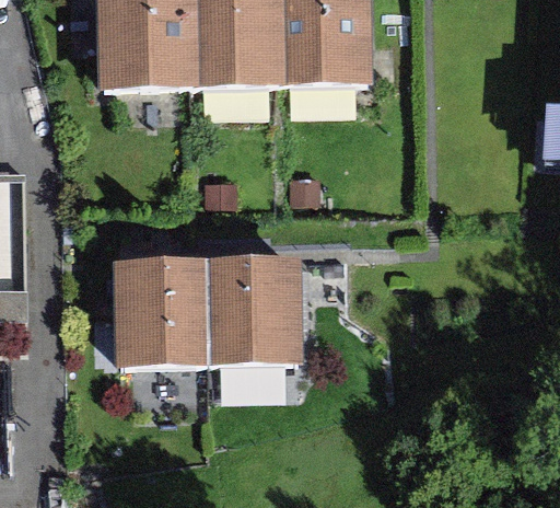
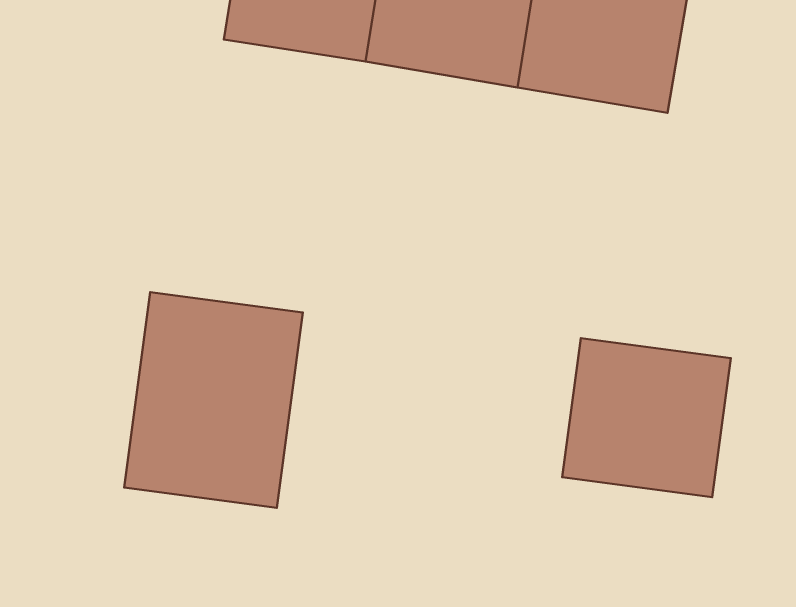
building: none -> [562,338,731,497]
building: [214,250,334,376] -> none

